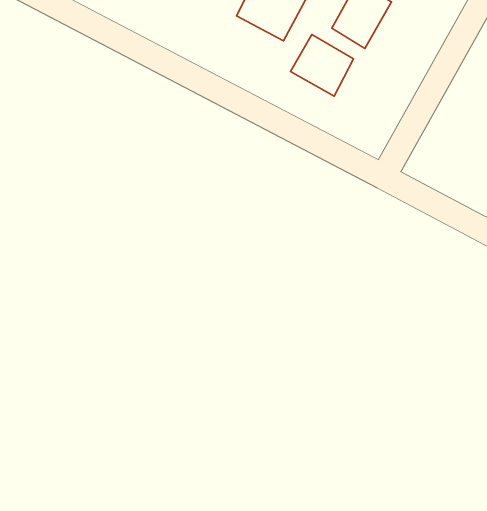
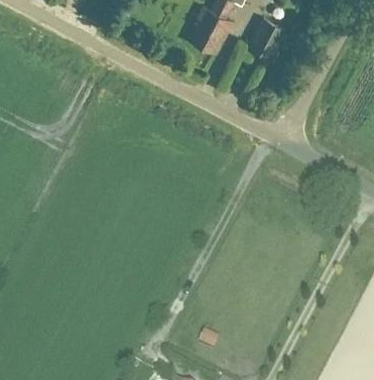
building: [290,35,354,96] -> none

